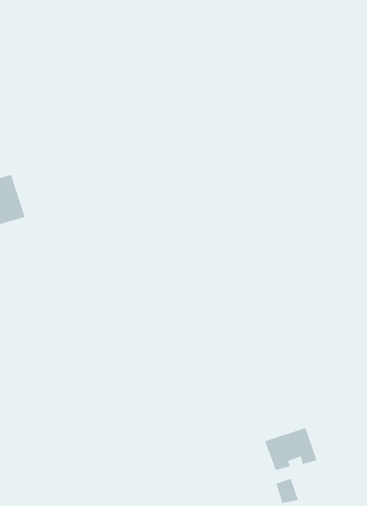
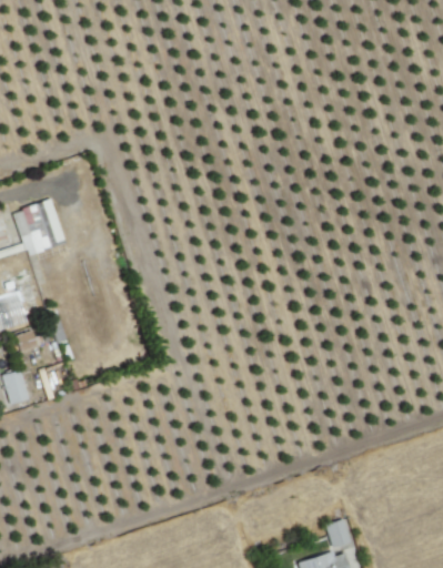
building: [264,427,317,471] -> none

